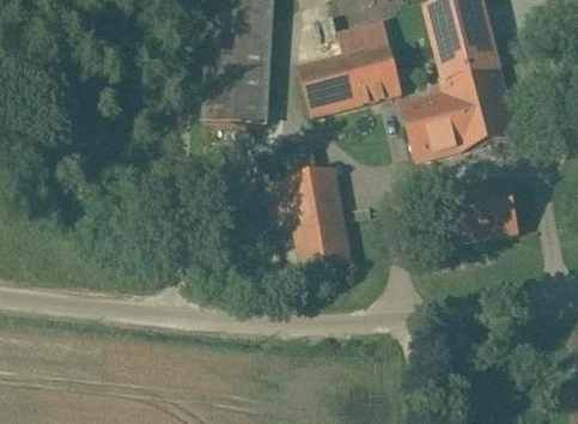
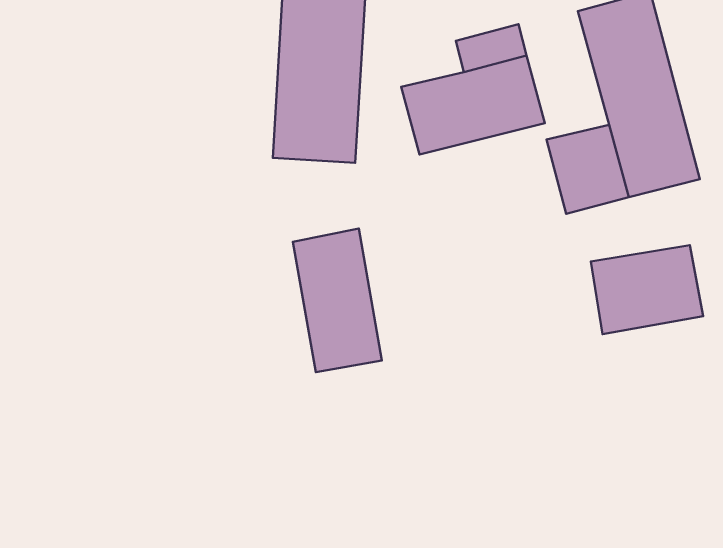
building: [287,166,352,271] -> [293,229,382,372]

